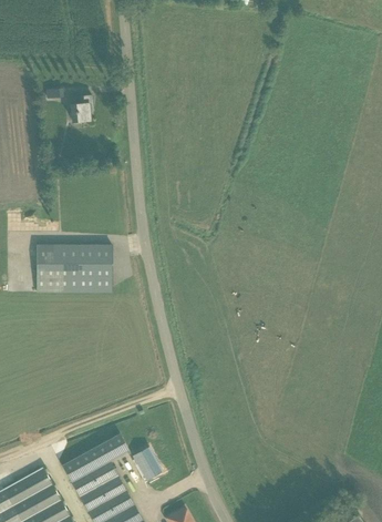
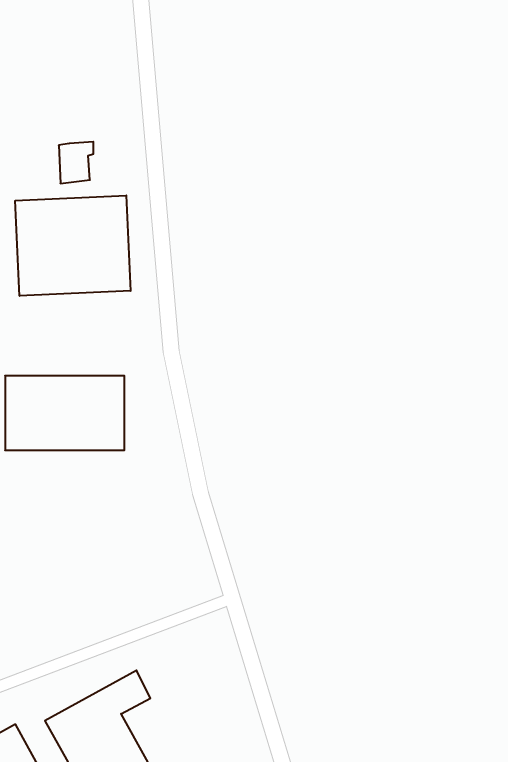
building: none -> [15,195,131,296]
building: [135,447,162,479] -> none

